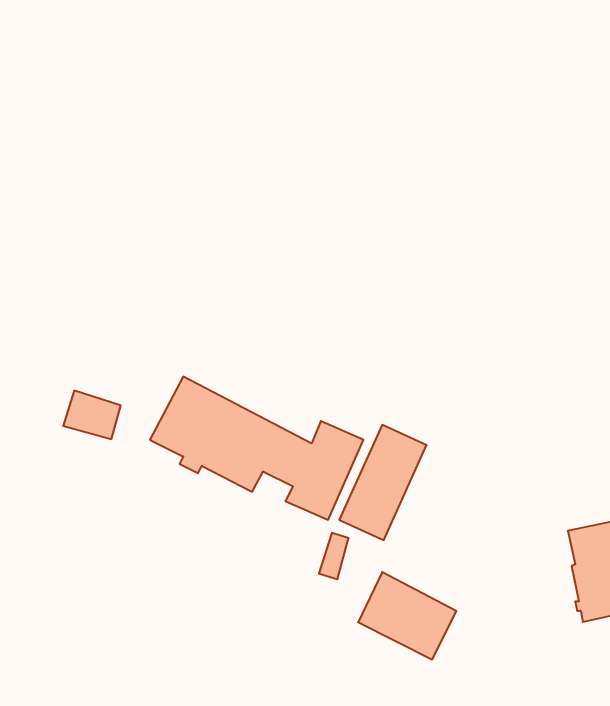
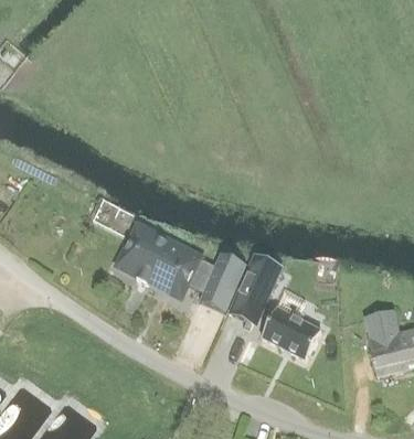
building: [63,391,121,439] -> [97,202,131,231]
building: [358,572,456,659] -> [259,307,318,358]

